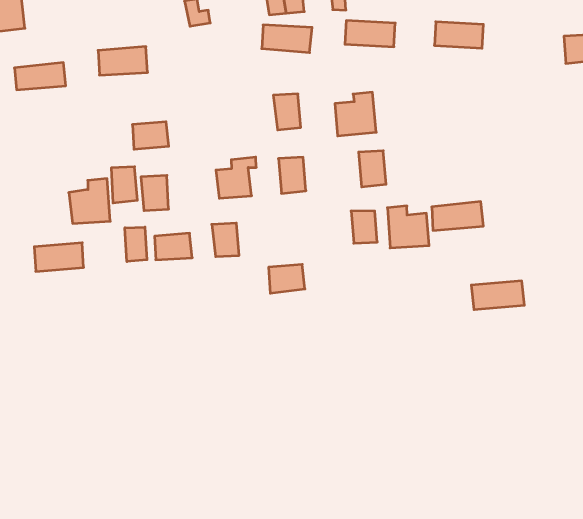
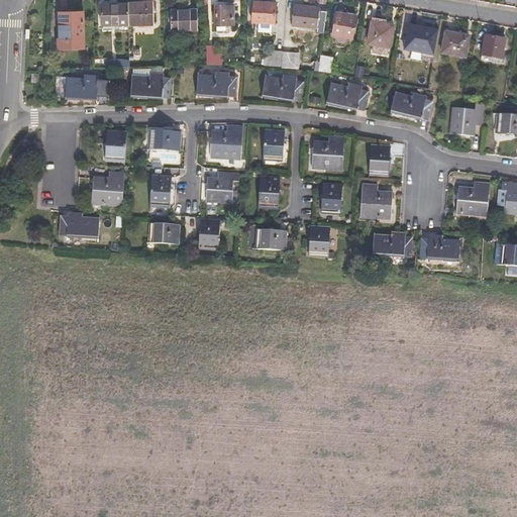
building: none -> [447,107,481,138]
building: none -> [198,72,236,94]
building: none -> [368,147,388,176]
building: none -> [209,125,241,158]
building: none -> [460,187,491,219]
building: [111,167,137,203] -> [104,132,125,161]
building: [387,206,429,248] -> [356,186,389,220]
building: [125,227,147,262] -> none
building: [269,264,305,293] -> [254,227,283,248]
building: [471,281,524,310] -> [419,237,459,260]

